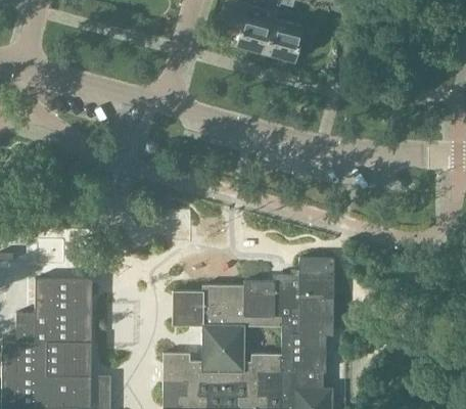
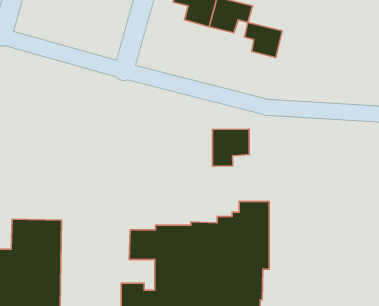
building: none -> [244,22,282,58]
building: none -> [212,129,249,166]

